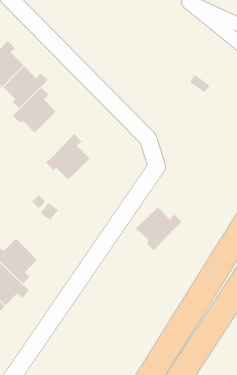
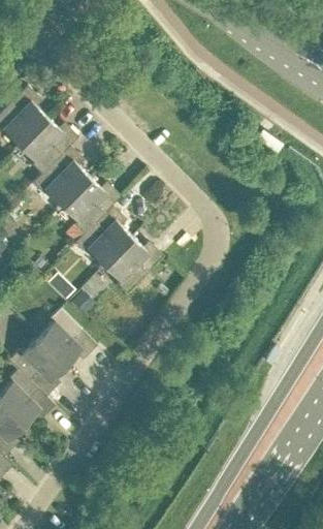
building: none -> [56,178,121,235]
building: [131,207,182,251] -> [98,238,163,294]
building: none -> [32,309,97,367]

